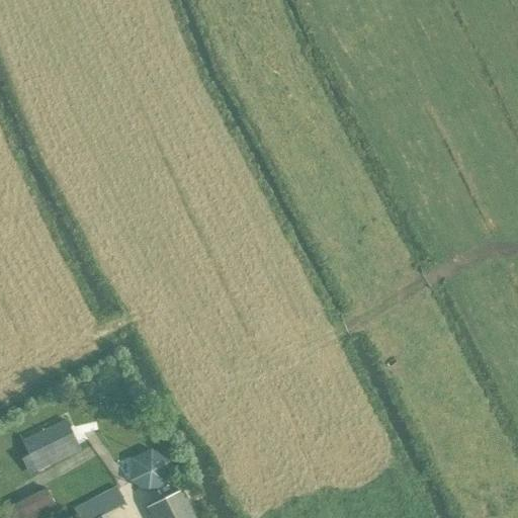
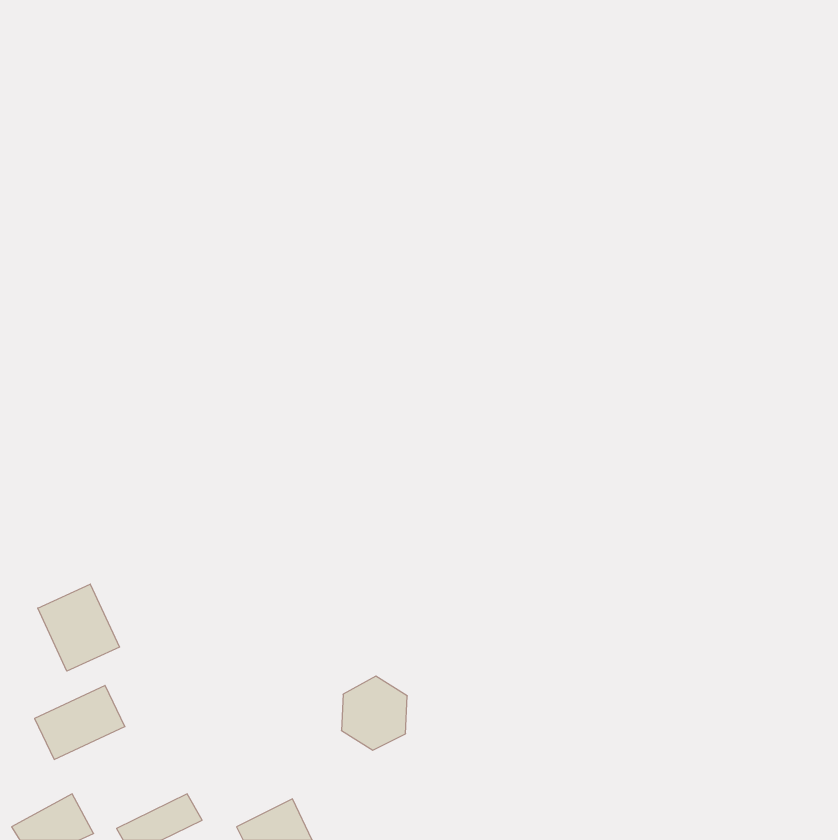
building: none -> [38,584,120,671]
building: [127,449,168,495] -> [341,676,407,750]

